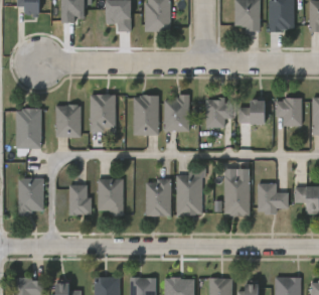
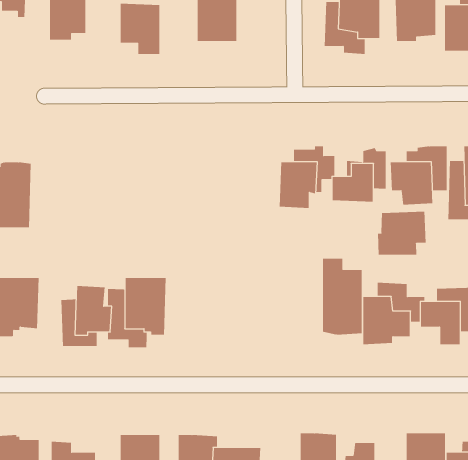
building: [90,93,118,134] -> none
building: [133,93,159,134] -> none
building: [164,93,190,130] -> none
building: [55,103,82,136] -> none
building: none -> [377,211,426,255]
building: [177,174,203,214] -> none
building: [146,177,171,213] -> none

